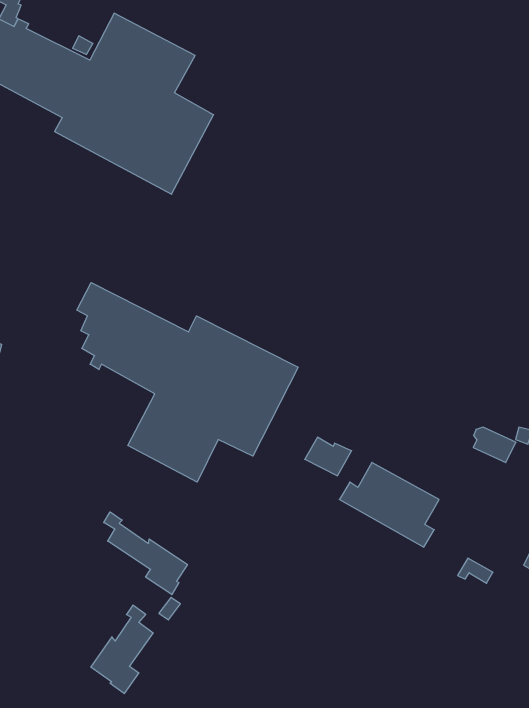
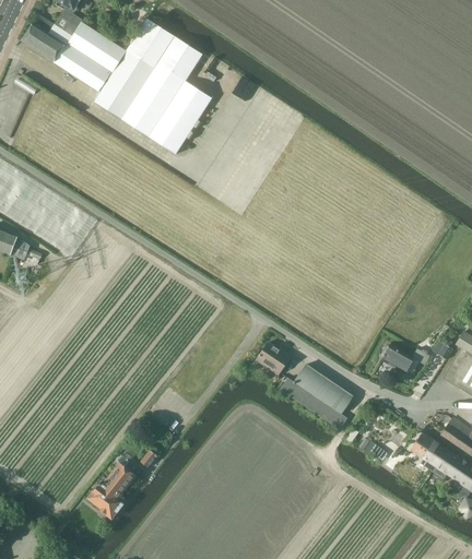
building: [77,283,298,482] -> none
building: [104,512,187,595] -> none

